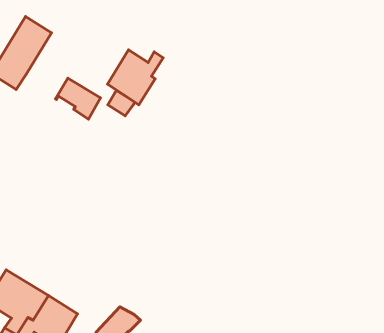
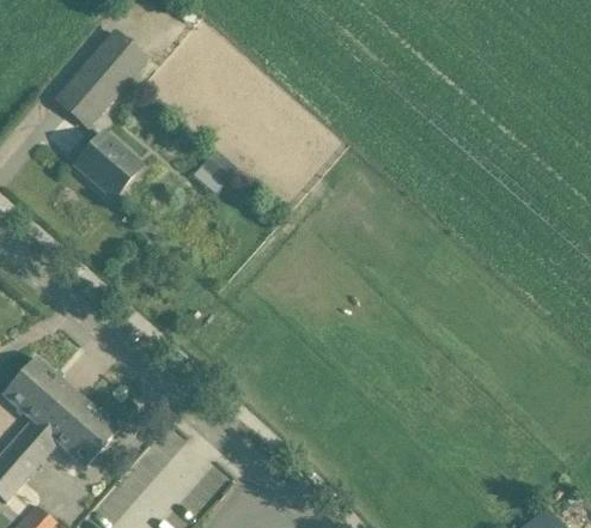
building: [107,50,163,105] -> none
building: [55,78,101,119] -> [77,140,135,198]

